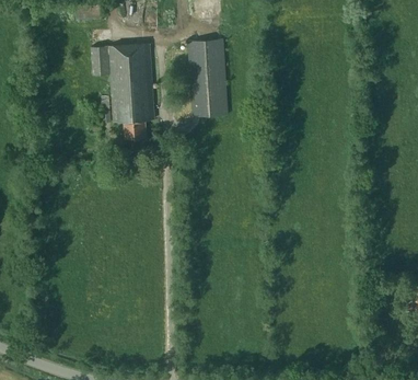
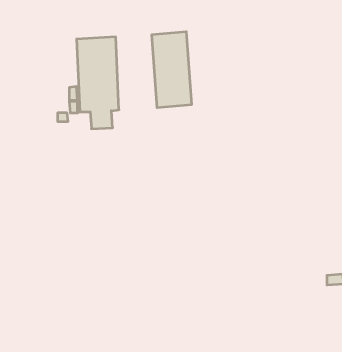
building: [92,46,109,74] -> none

